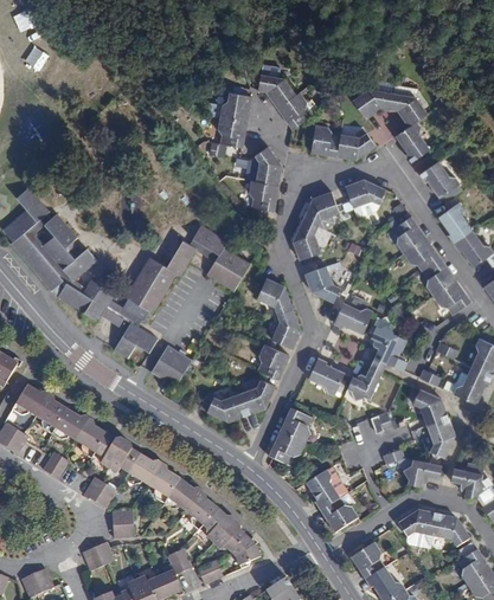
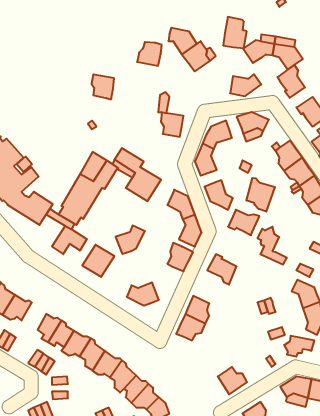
building: [217,117,245,148] -> [91,74,114,99]
building: [309,117,339,156] -> [223,17,247,48]
building: [255,147,281,185] -> none
building: none -> [246,178,275,212]
building: [346,366,381,400] -> none
building: [238,379,275,414] -> [116,225,145,254]
building: [75,418,105,458] -> none
building: [306,466,346,510] -> none

